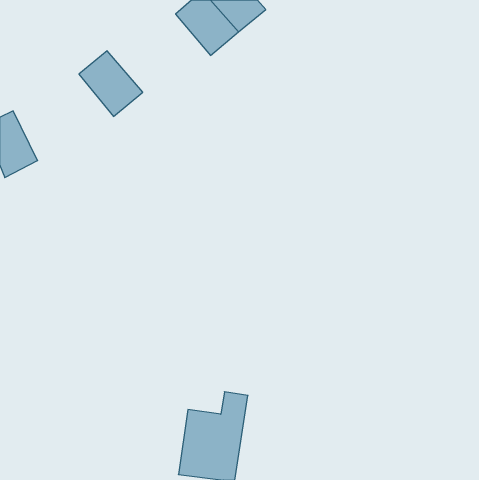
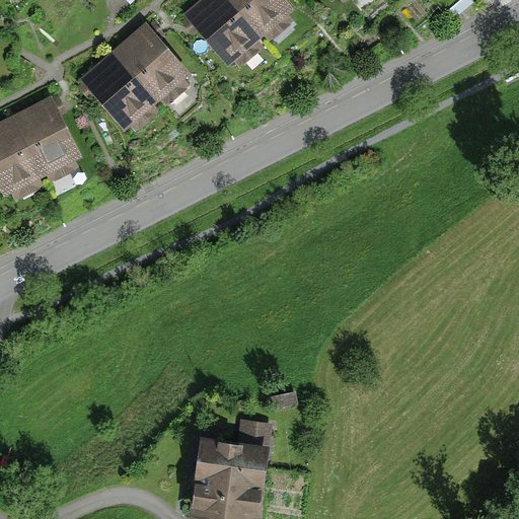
building: none -> [116,28,184,99]
building: none -> [14,102,76,173]

